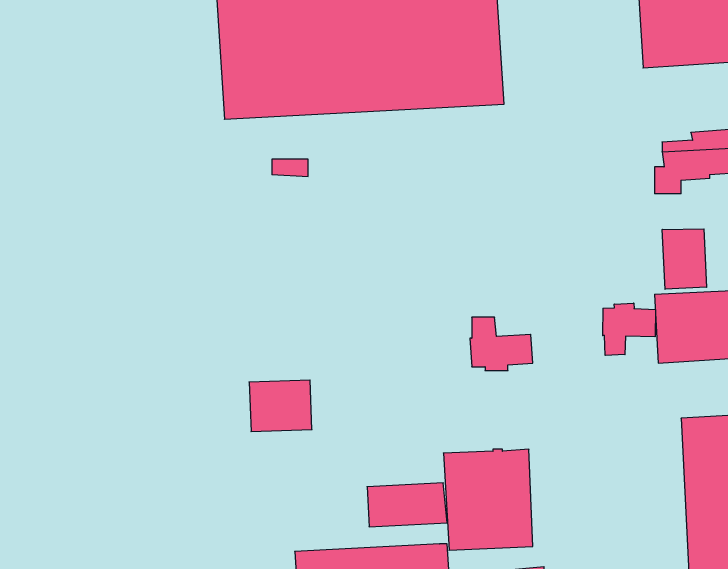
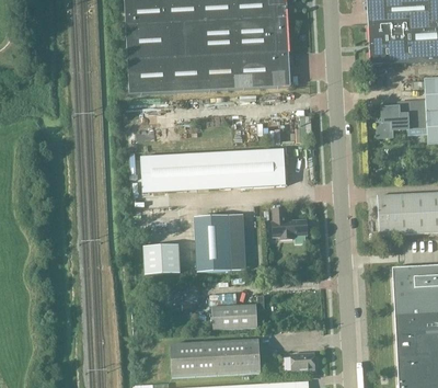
building: none -> [141,149,286,192]
building: [662,229,707,289] -> none
building: [603,303,655,355] -> none
building: [443,449,533,550] -> [195,214,246,272]

